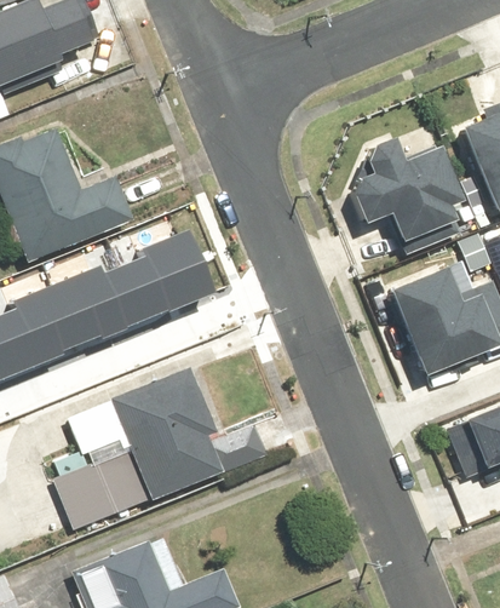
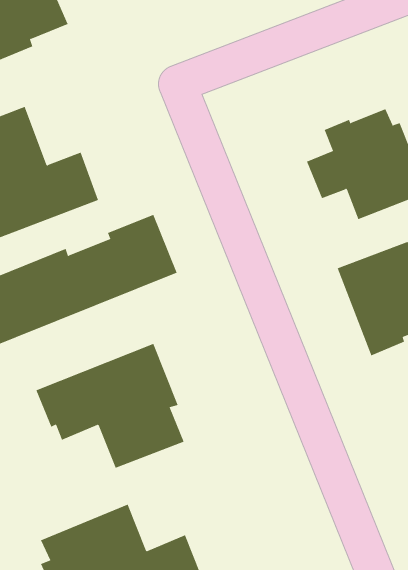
building: [53,457,143,530] -> none

